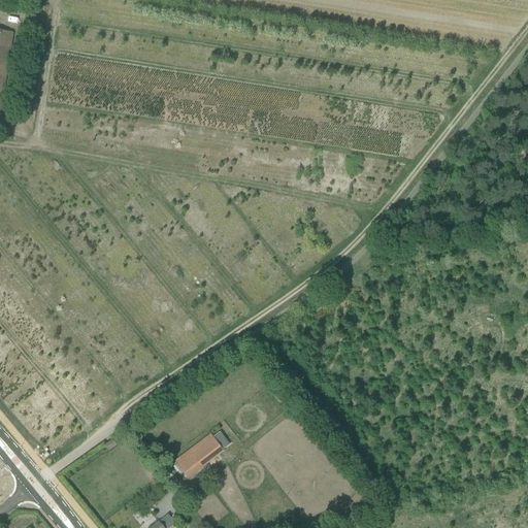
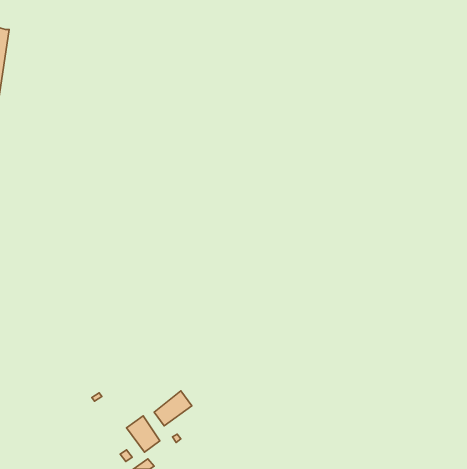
building: none -> [127,416,160,452]

